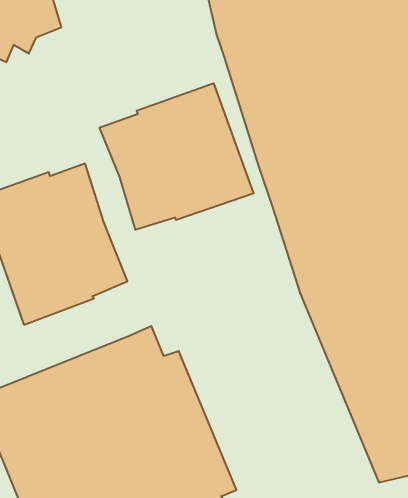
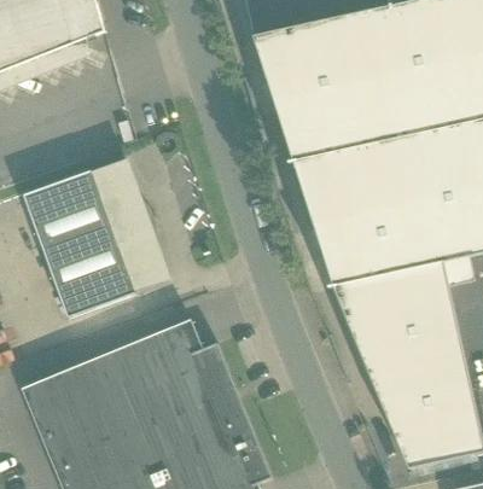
building: [100,83,254,230] -> none

